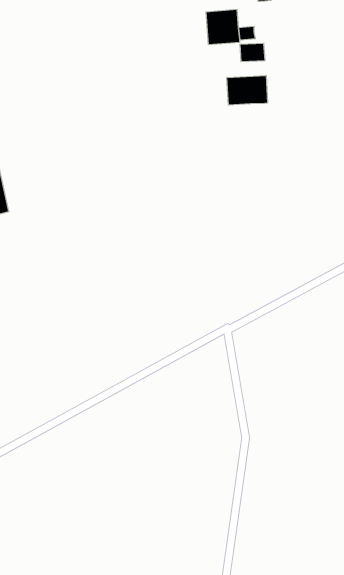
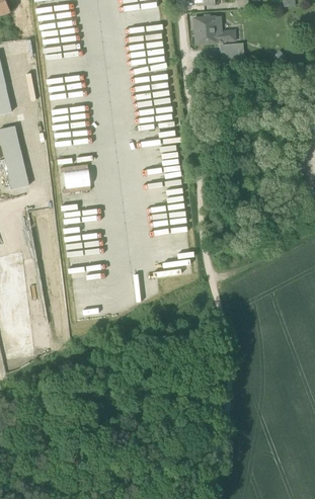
building: [227,75,267,105] -> none

